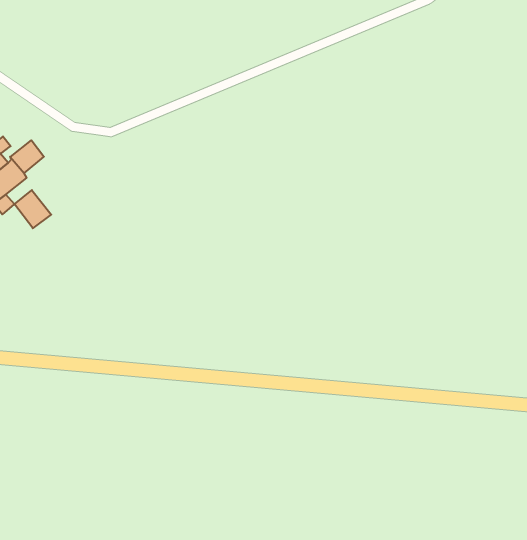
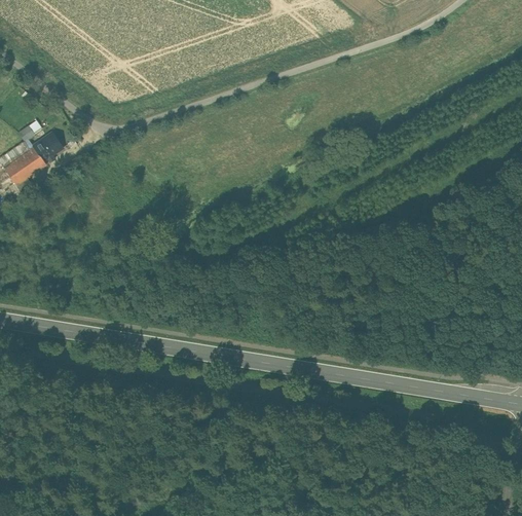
building: [15,190,51,228] -> none

